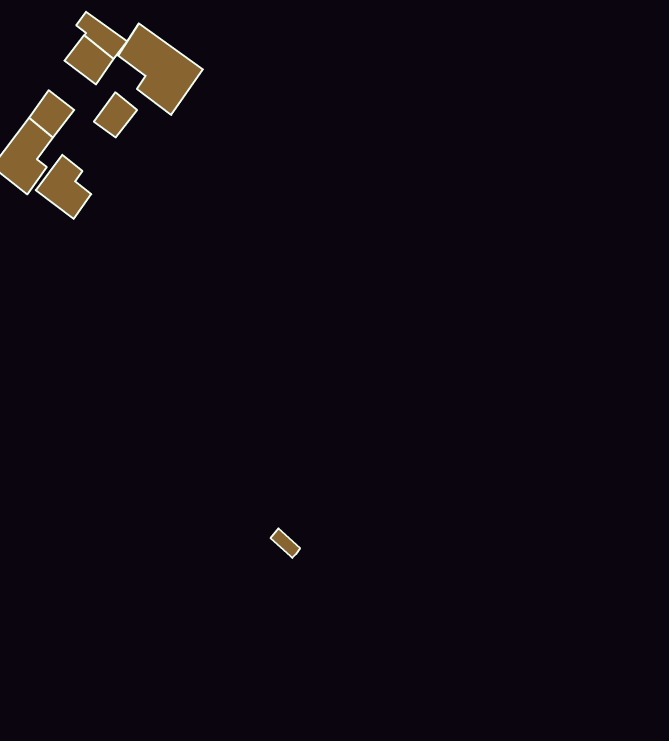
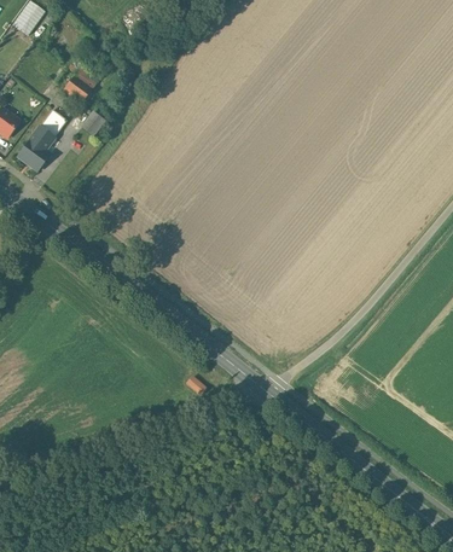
building: [118,23,203,115] -> none
building: [36,155,91,219] -> none

